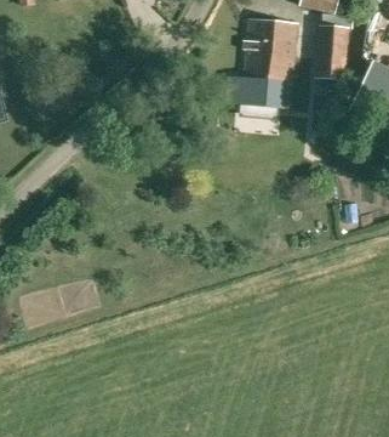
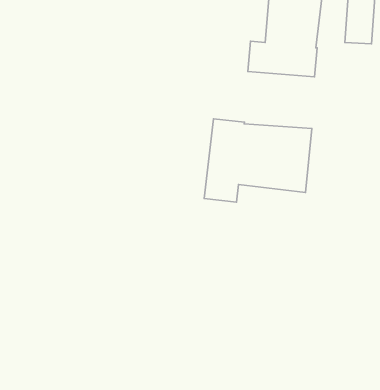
building: none -> [204,119,312,202]

